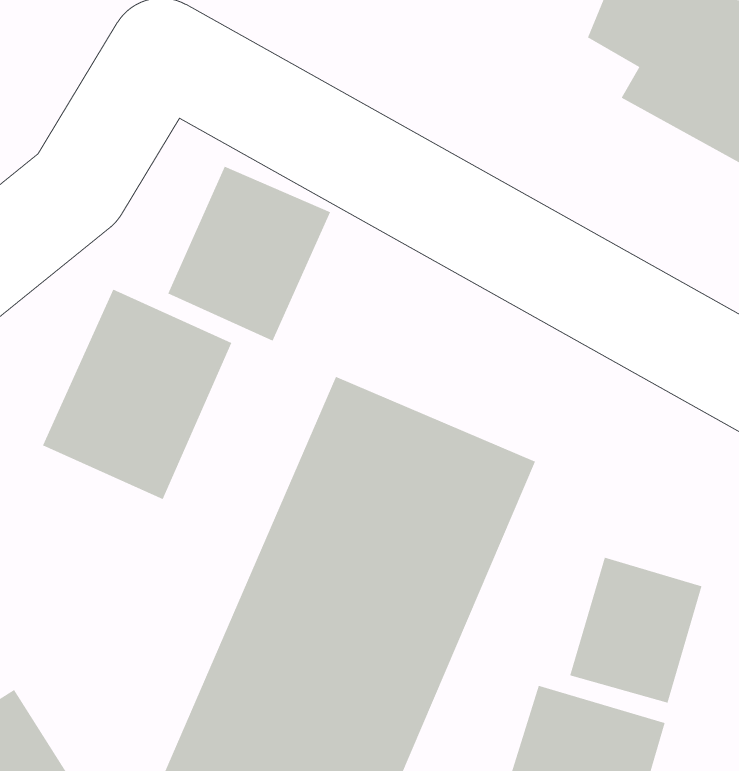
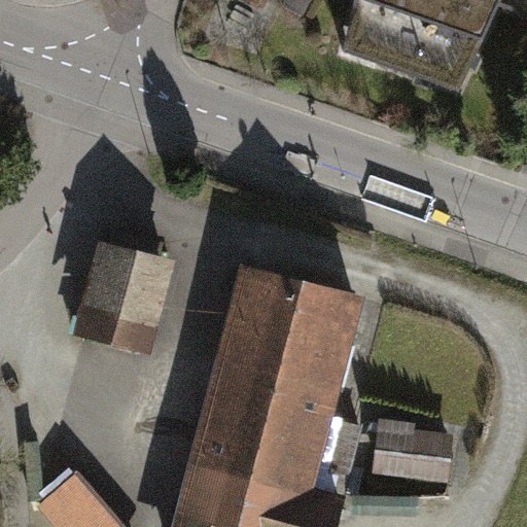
building: [167,166,331,341] -> none
building: [569,557,702,703] -> none

